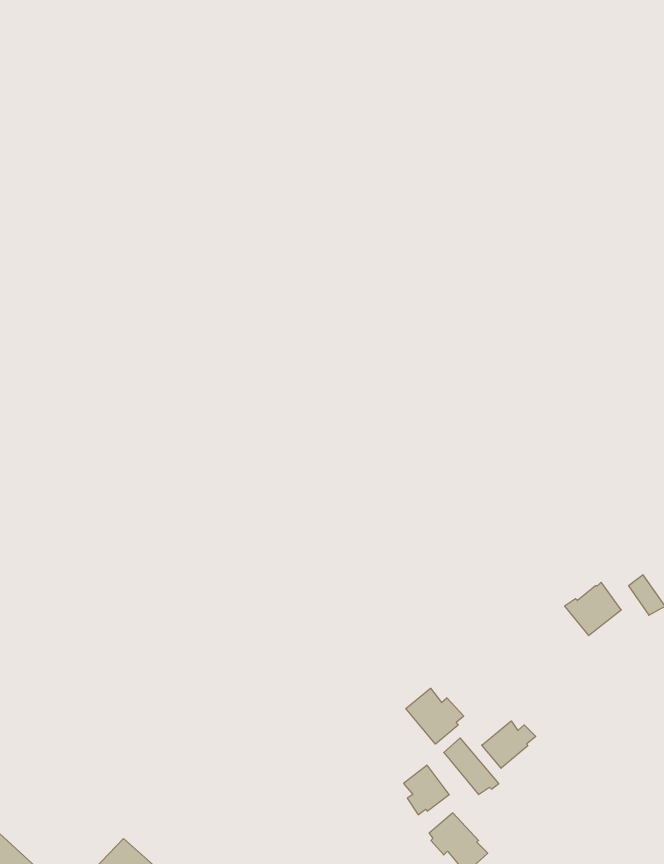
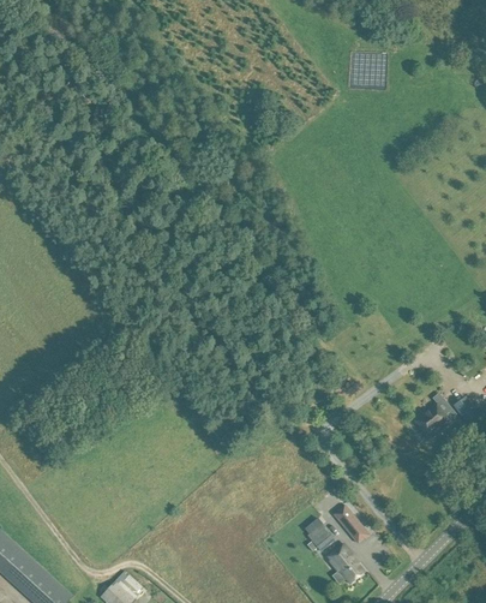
building: [406,688,464,744] -> none
building: [482,721,536,768] -> none

